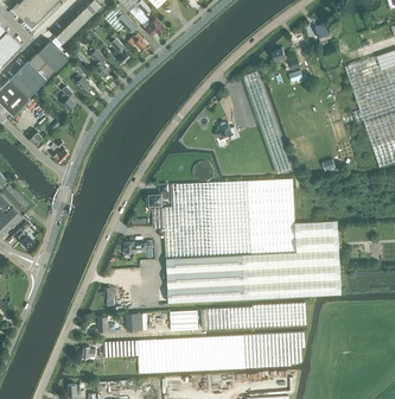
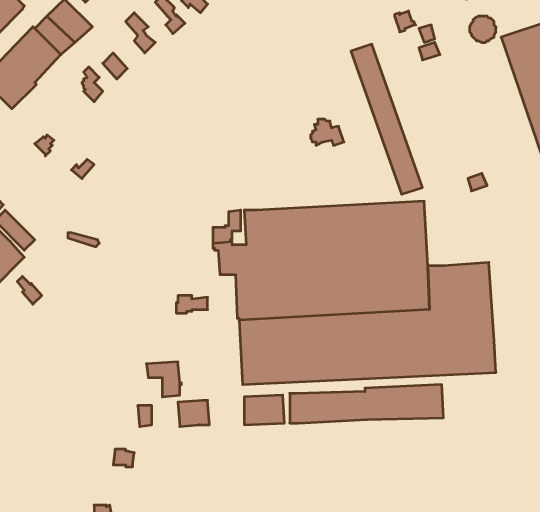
building: [103,332,305,373] -> none

